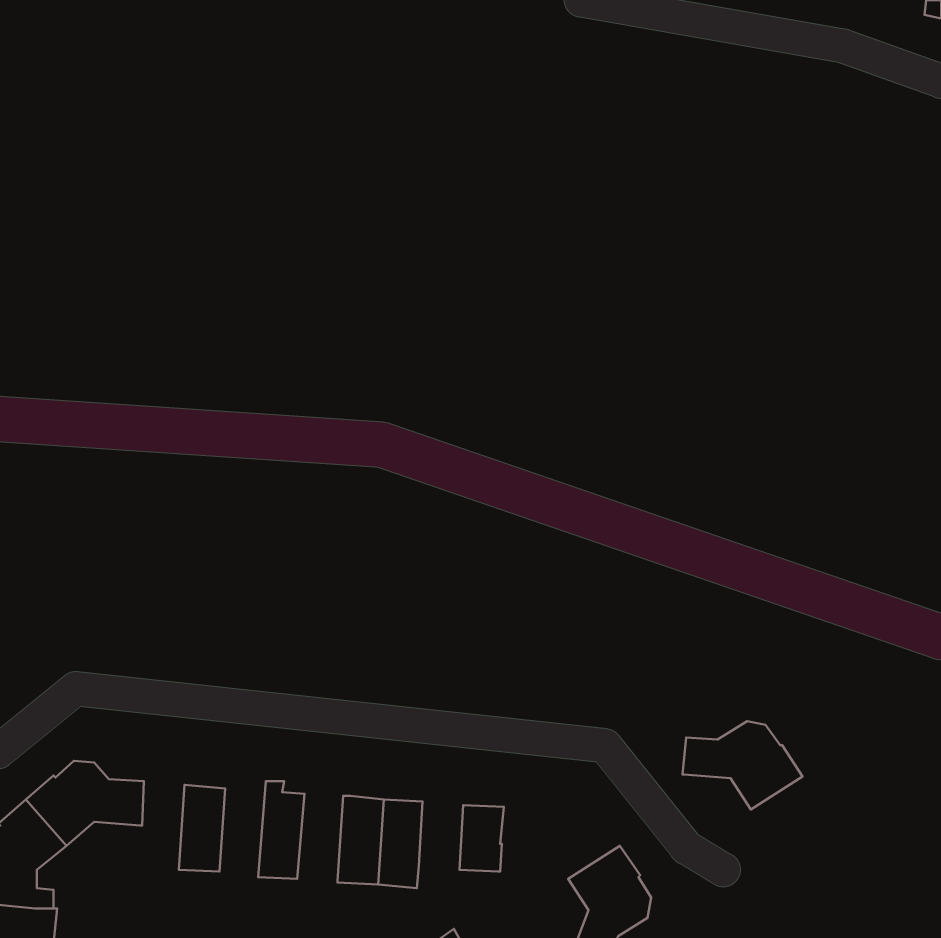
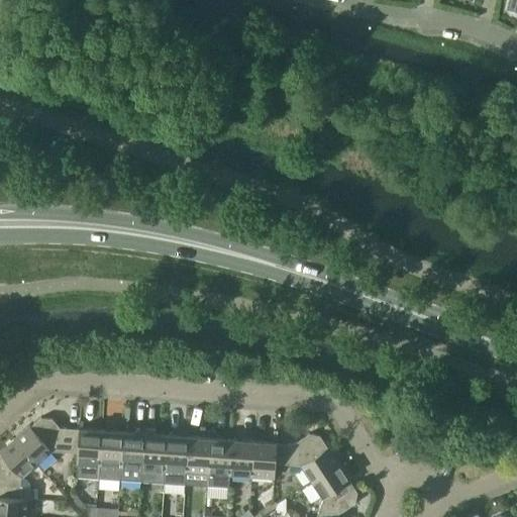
building: [682,721,802,810] -> [274,435,339,484]
building: none -> [119,429,145,483]
building: none -> [76,430,101,479]
building: none -> [163,437,188,485]
building: none -> [229,441,253,479]

